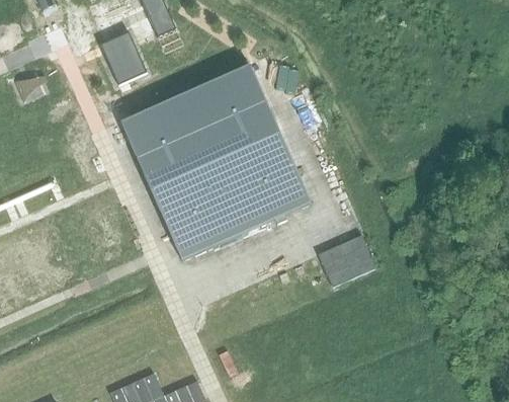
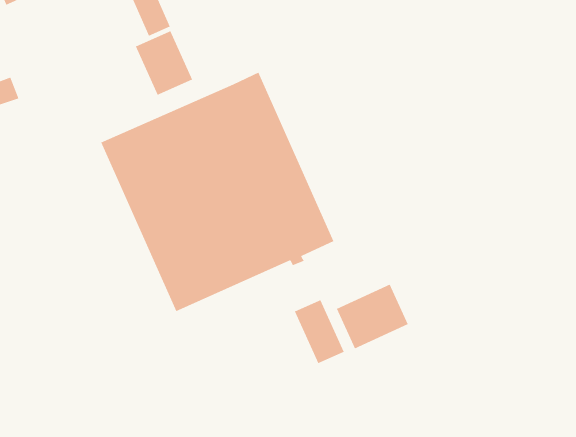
building: [95,29,143,83] -> [135,30,193,96]
building: none -> [294,299,345,364]

